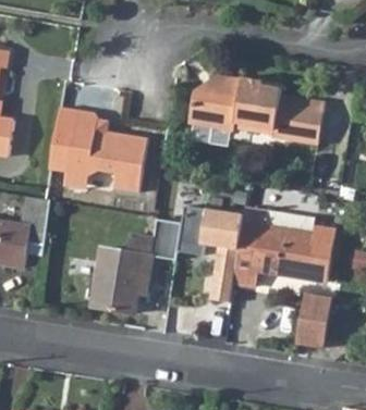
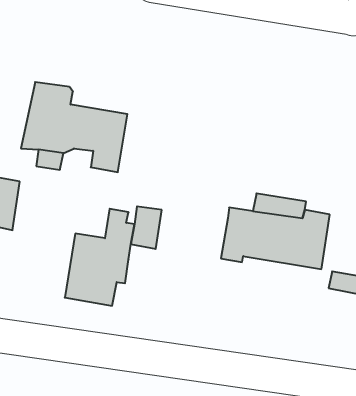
building: [188,74,322,140] -> none
building: [198,212,243,302] -> none
building: [297,294,331,347] -> none

